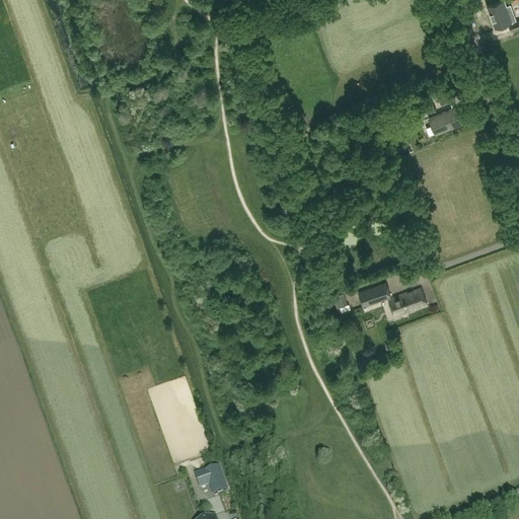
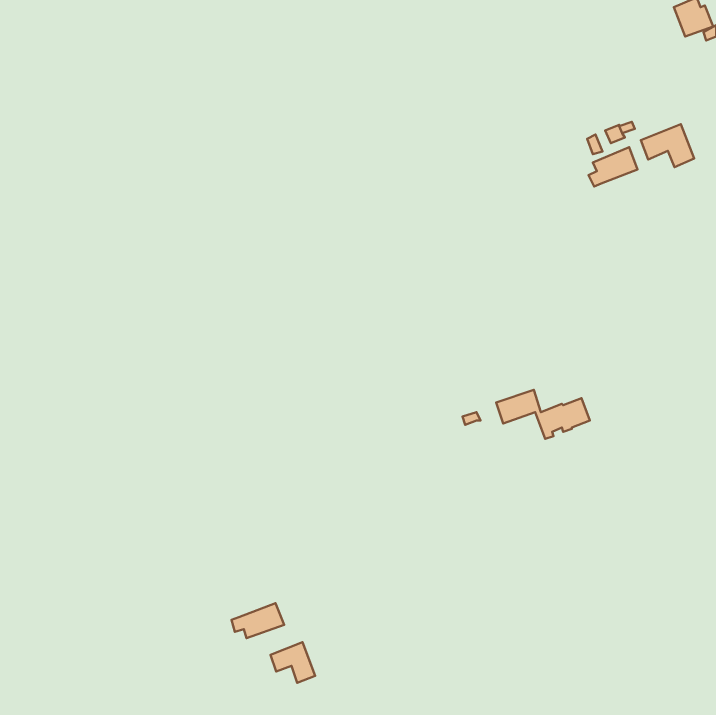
building: none -> [641,124,694,167]
building: none -> [232,603,284,638]

